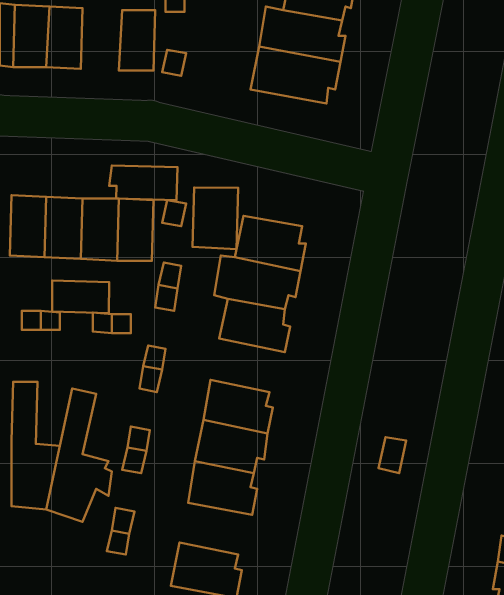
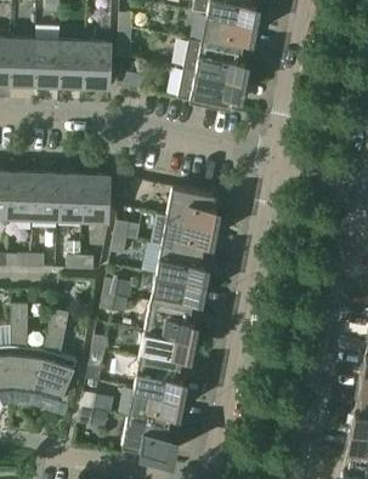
building: none -> [58,41,87,85]
building: [109,166,178,200] -> none
building: [192,187,238,249] -> none
building: [52,281,109,313] -> none
building: none -> [149,273,202,310]
building: none -> [128,388,179,424]

